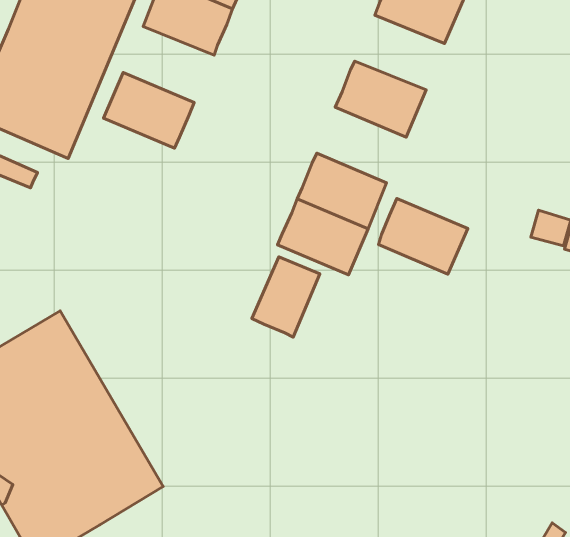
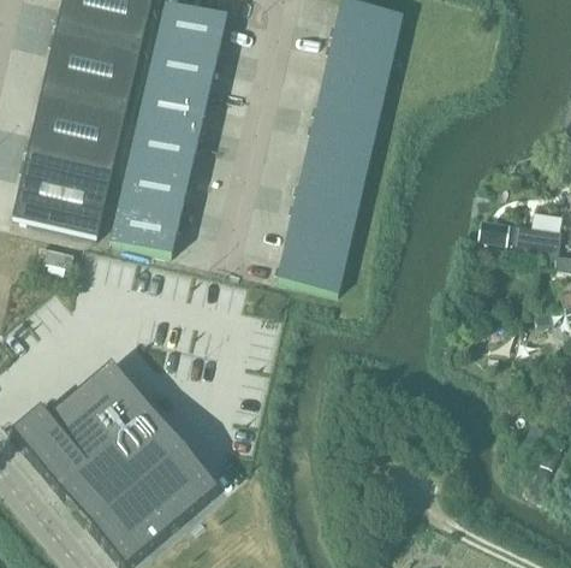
building: none -> [315,77,385,130]
building: none -> [130,118,201,172]
building: none -> [112,197,182,252]
building: [378,198,468,274] -> [297,156,367,211]
building: [252,257,320,337] -> none

